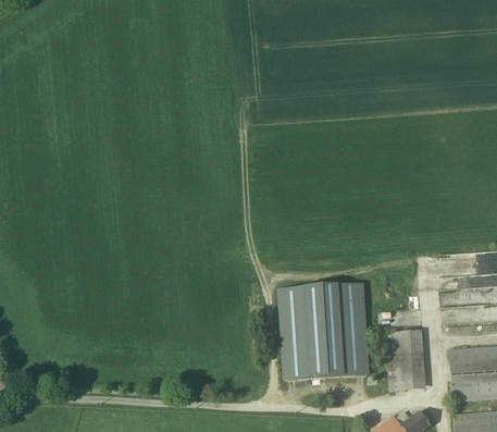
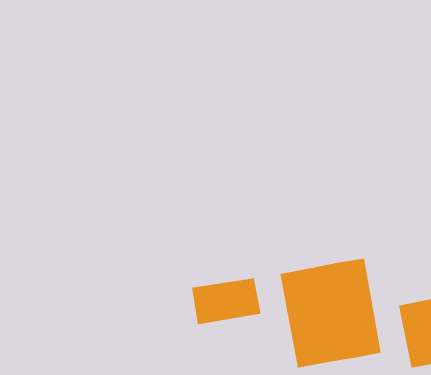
building: none -> [192,277,261,325]

